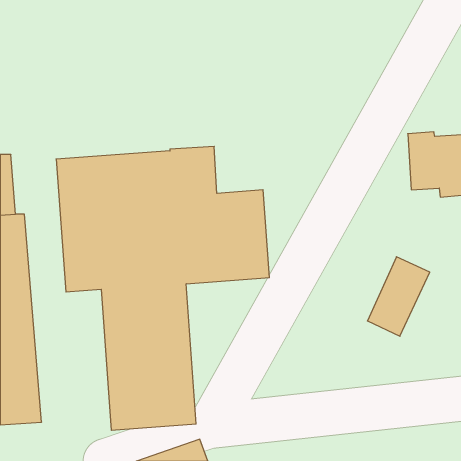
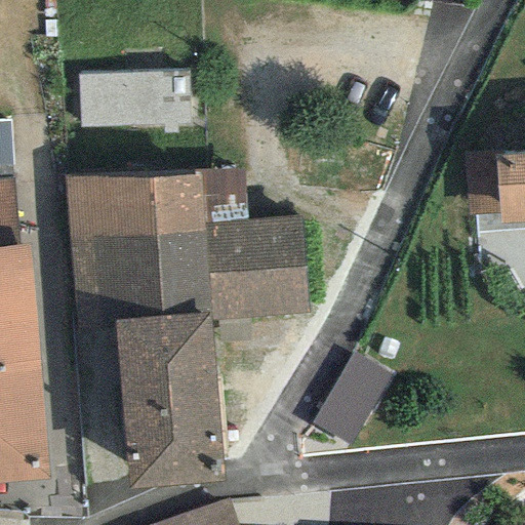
building: none -> [77,72,190,127]
building: [367,257,430,336] -> [316,351,387,441]

